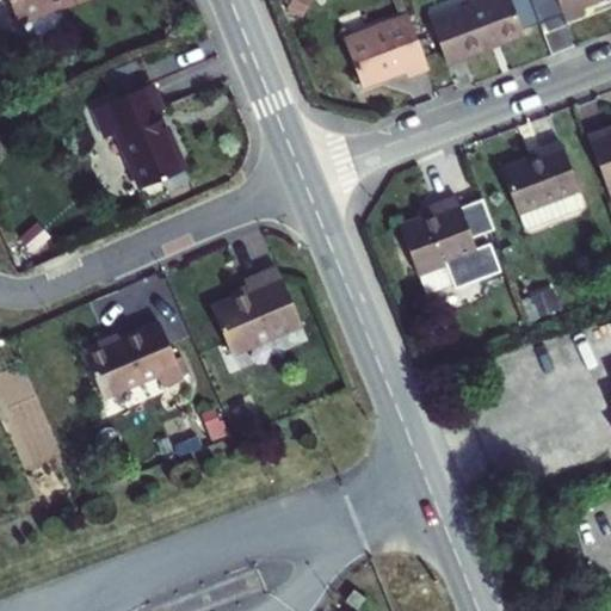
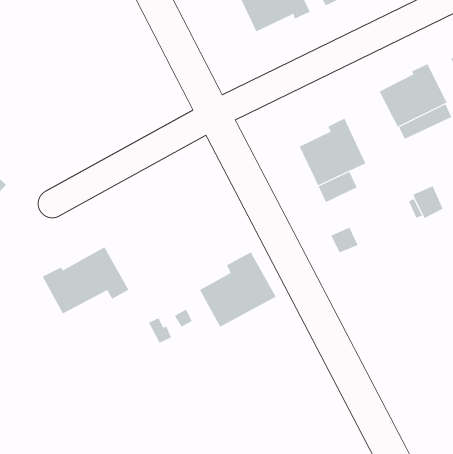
building: [93,85,187,187] -> none
building: [214,267,304,353] -> [199,252,277,327]

